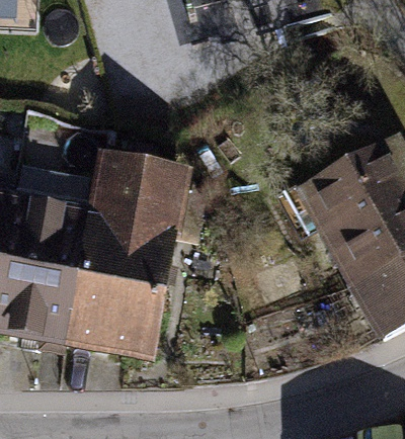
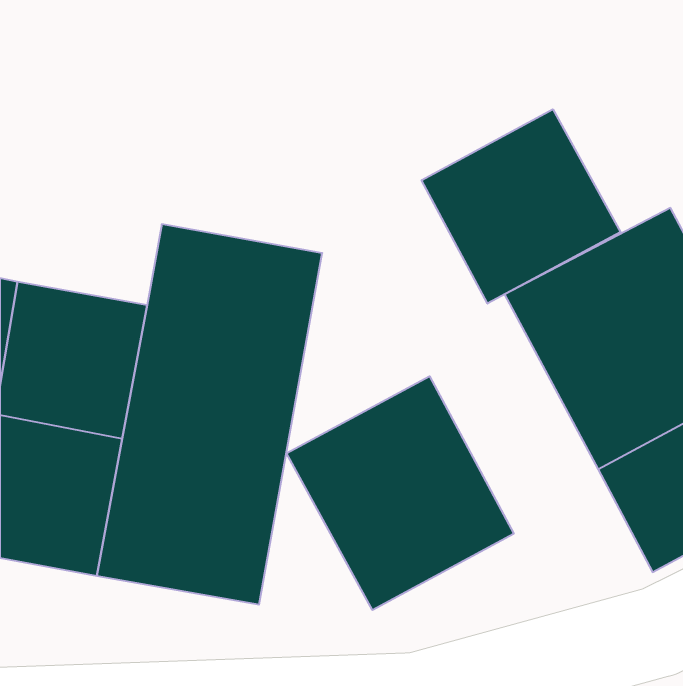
building: none -> [422,109,621,304]
building: none -> [286,376,514,610]

